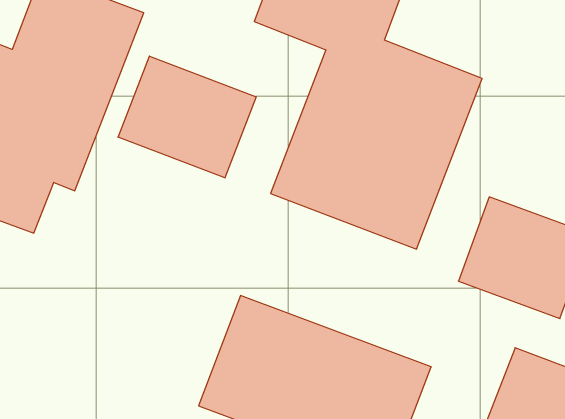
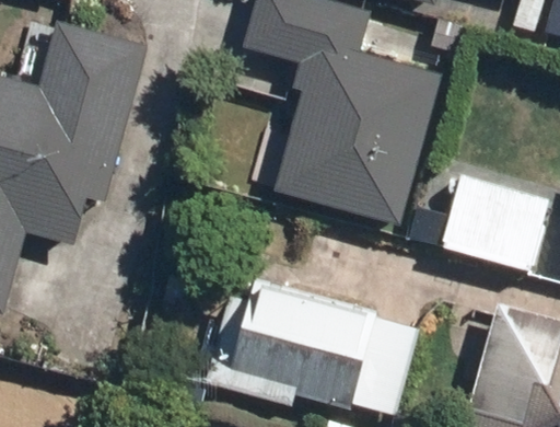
building: [118,56,256,178] -> none

